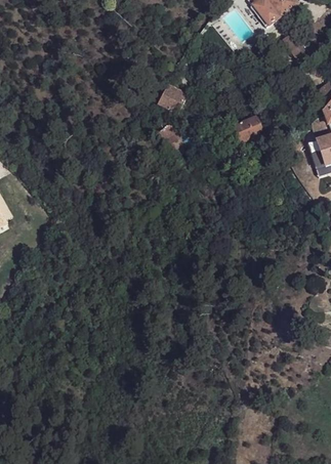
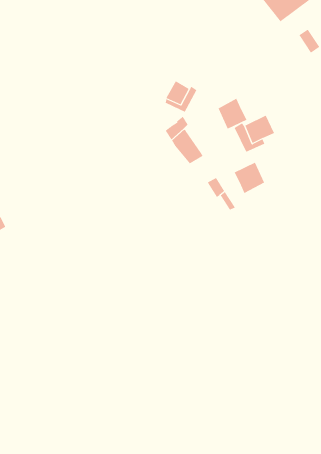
building: none -> [218,98,247,130]
building: none -> [234,162,265,194]

